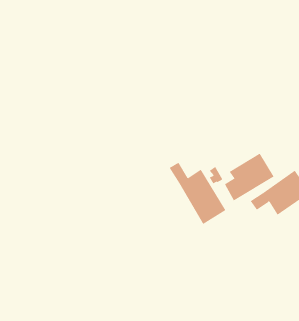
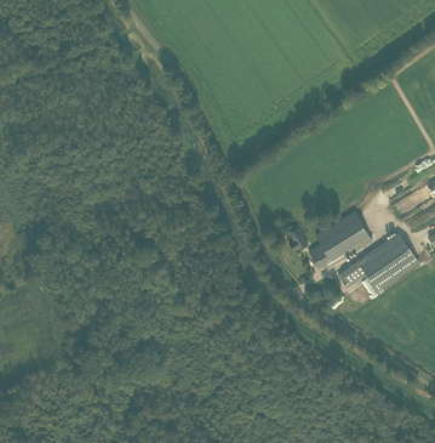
building: [169,162,226,225] -> none

